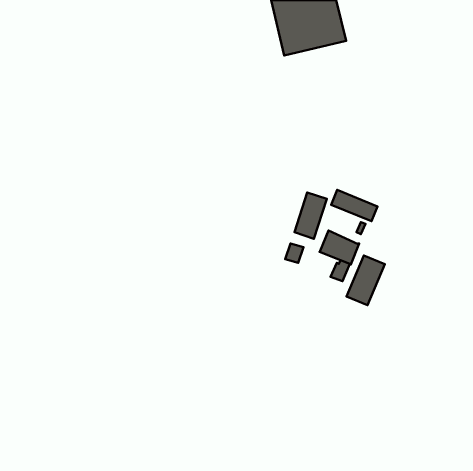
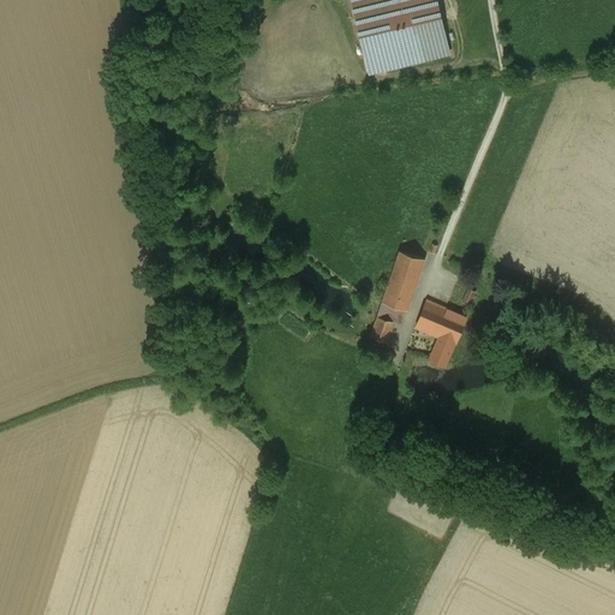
building: [331,190,377,221] -> none
building: [346,255,385,305] -> none

